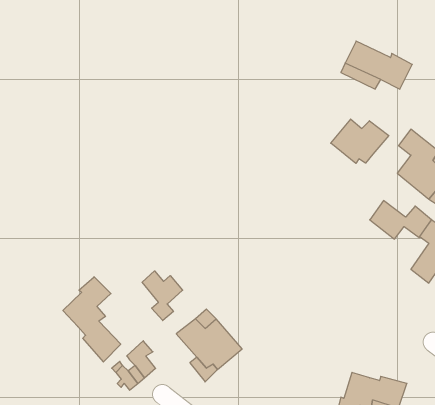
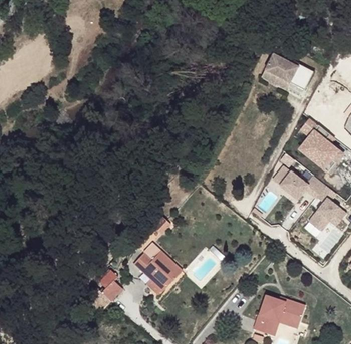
building: [331,119,389,163] -> none
building: [142,271,183,321] -> none
building: [63,277,121,362] -> none

